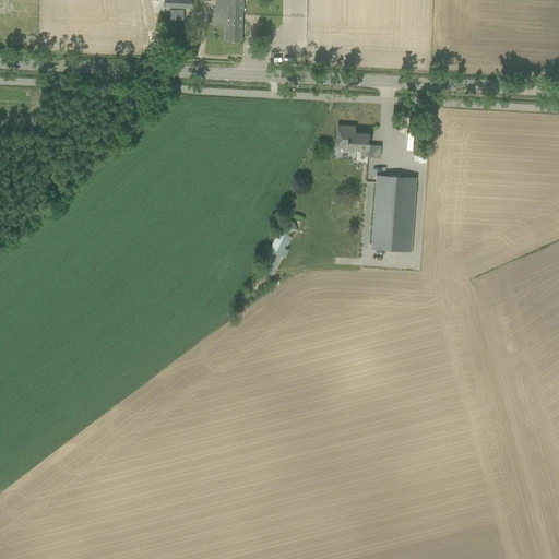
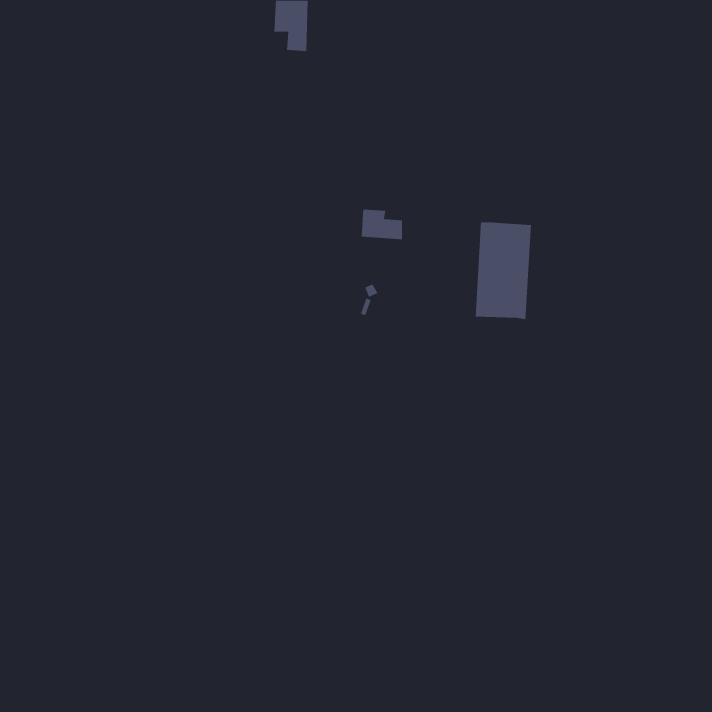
building: [336,127,369,151] -> [361,209,403,240]

